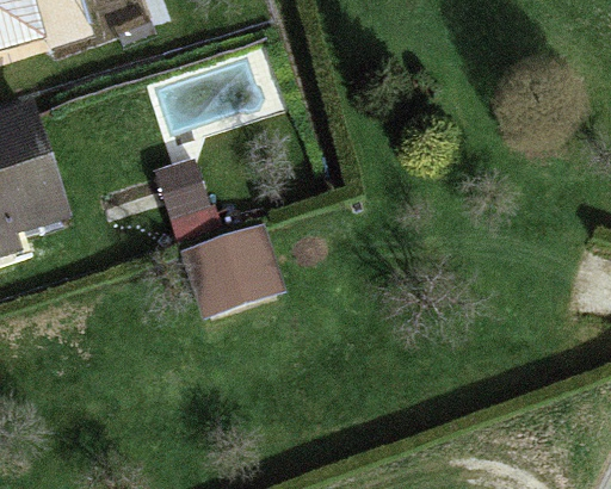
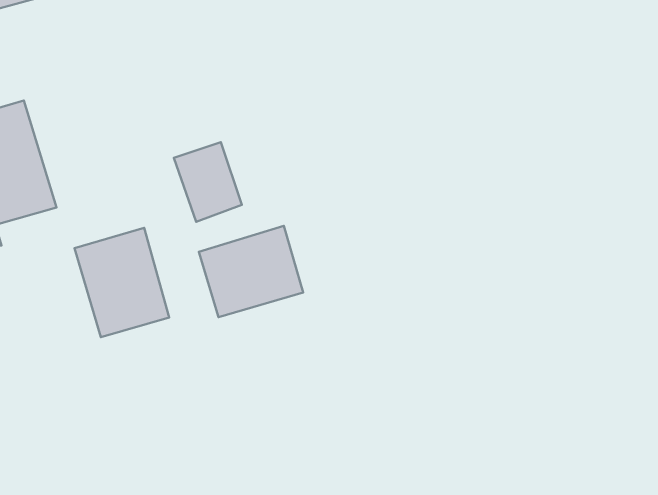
building: none -> [75,228,169,337]

